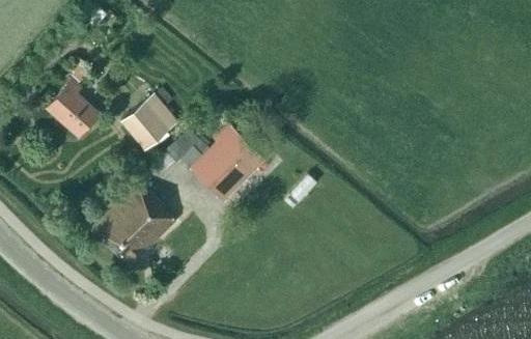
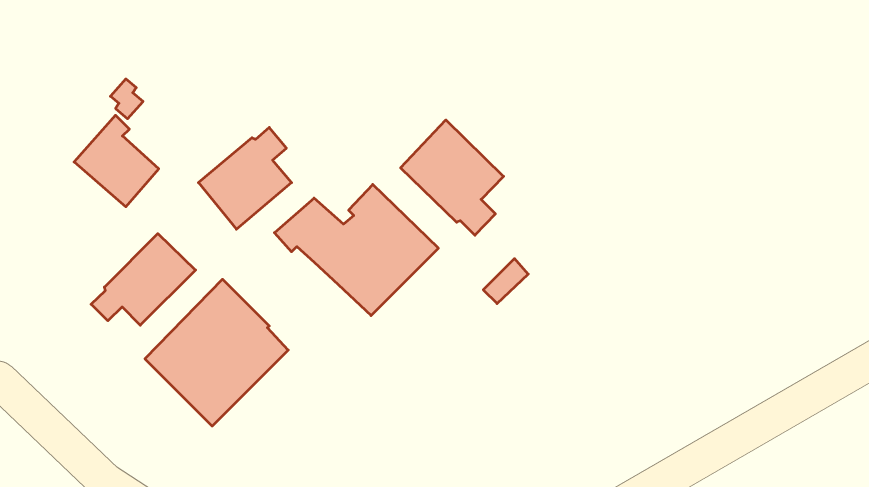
building: none -> [401,120,504,235]
building: none -> [91,234,196,325]

